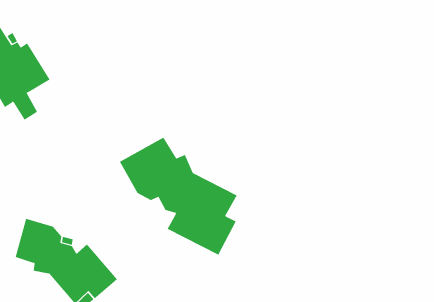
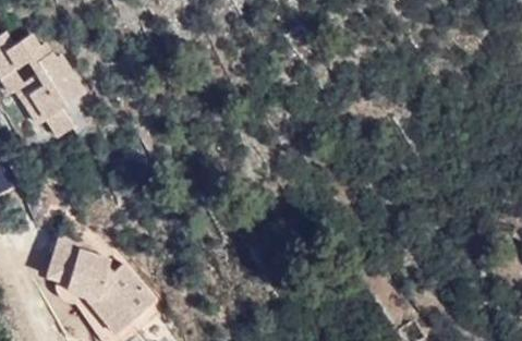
building: [119,137,237,255] -> none

